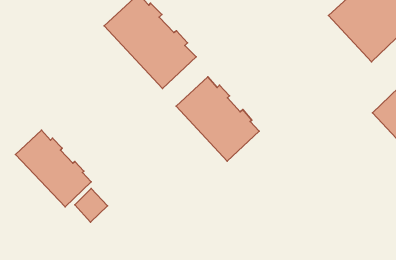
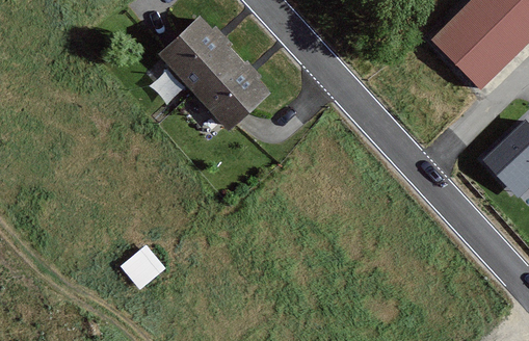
building: [176,77,259,161] -> none
building: [15,130,91,207] -> none

